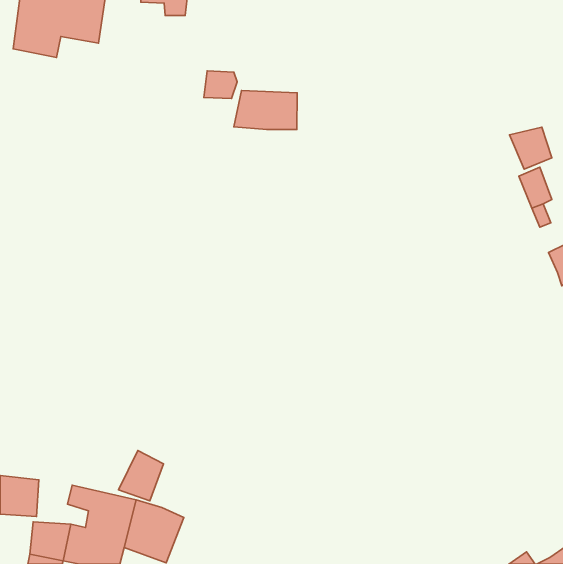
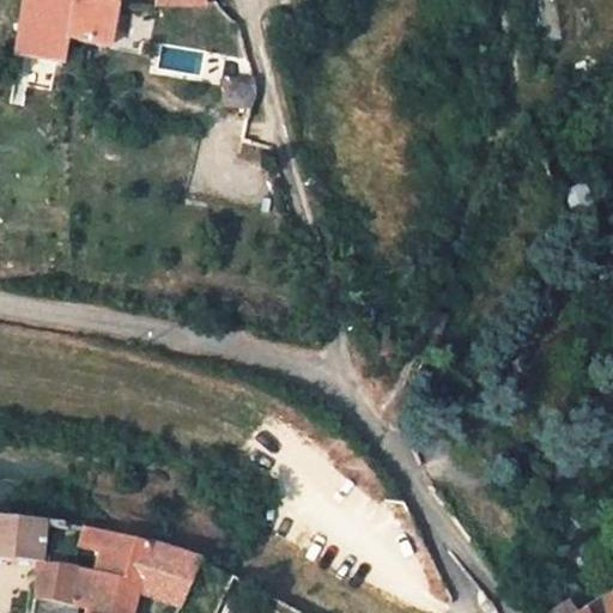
building: [234,91,297,129] -> none
building: [510,127,552,169] -> none
building: [118,451,163,501] -> none

